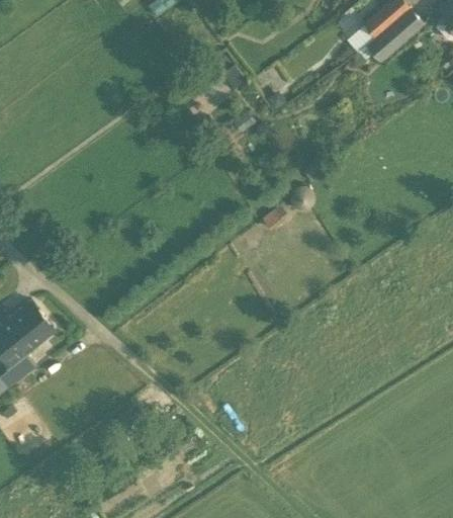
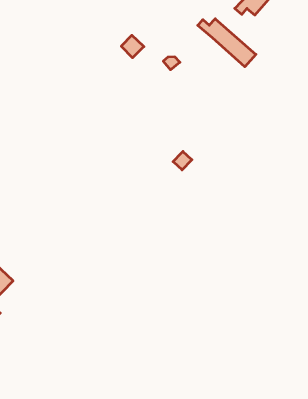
building: none -> [198,19,256,67]

